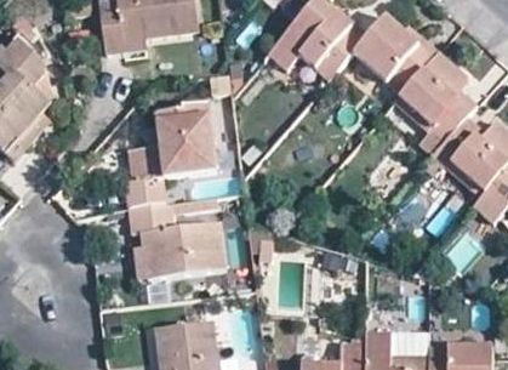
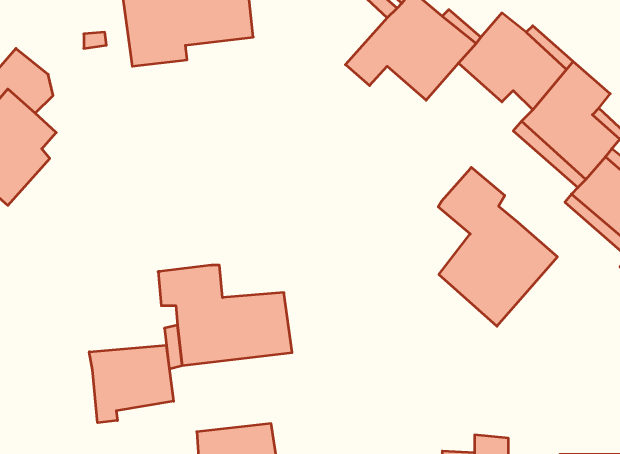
building: [124,101,217,207] -> none
building: none -> [438,167,557,326]
building: none -> [89,345,174,423]

